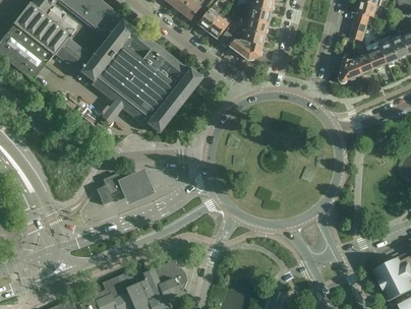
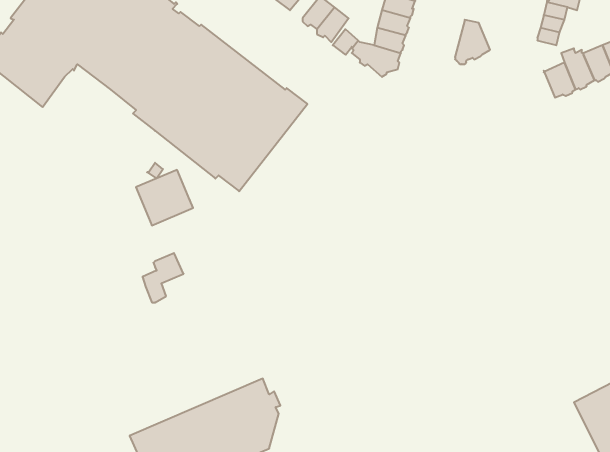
building: [339,54,361,82] -> [455,20,490,64]
building: [117,168,154,203] -> [136,170,193,225]

